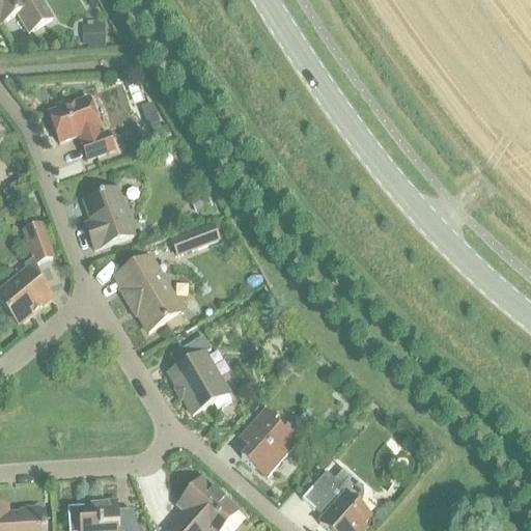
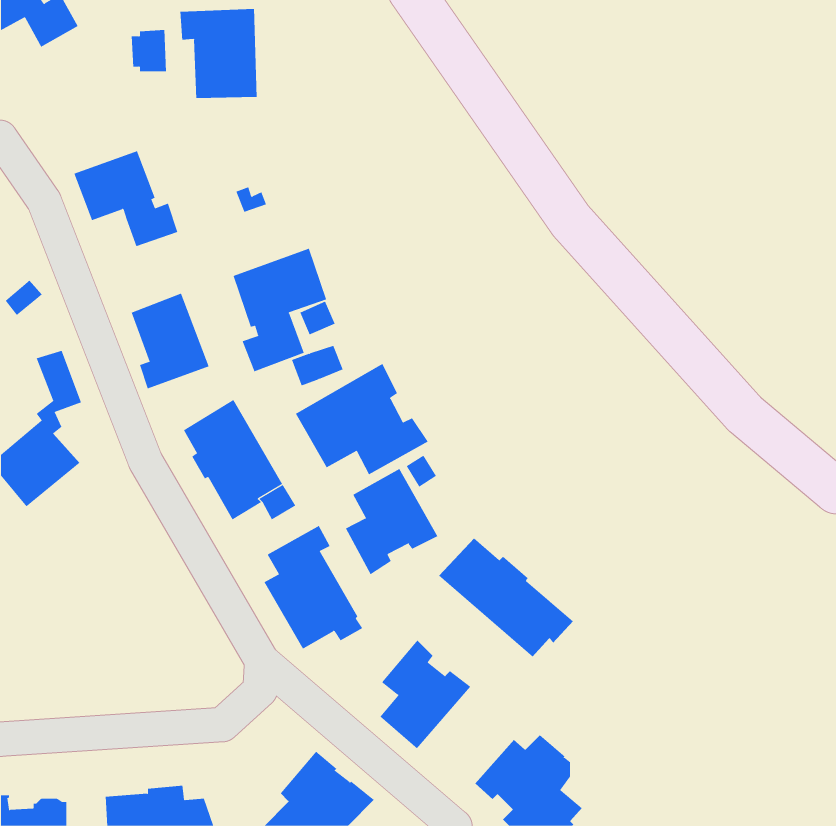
building: none -> [180,8,257,99]
building: none -> [233,248,327,372]
building: none -> [295,363,428,475]
building: none -> [345,468,438,575]
building: none -> [438,538,574,658]

